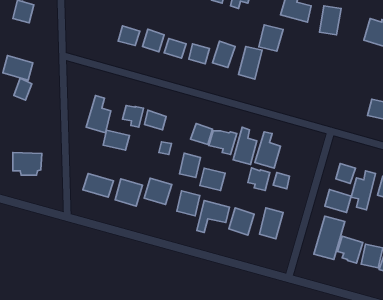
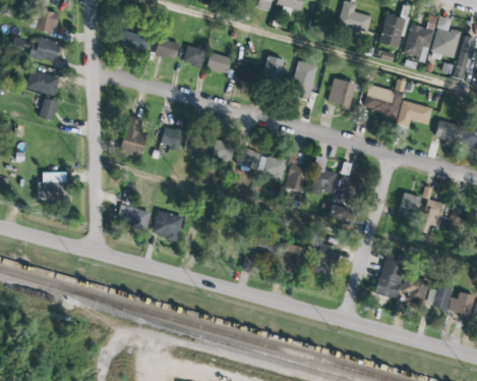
building: none -> [403,25,433,58]
building: none -> [121,30,151,52]
building: none -> [28,34,61,62]
building: [259,25,283,51] -> [327,76,355,106]
building: none -> [363,89,401,122]
building: none -> [398,100,430,127]
building: [103,130,129,150] -> none
building: [180,153,200,178] -> [211,139,234,166]
building: [248,168,270,191] -> [339,174,363,200]
building: [200,168,225,190] -> none
building: [144,178,172,204] -> none
building: [325,190,351,212] -> none
building: [177,191,200,216] -> none

